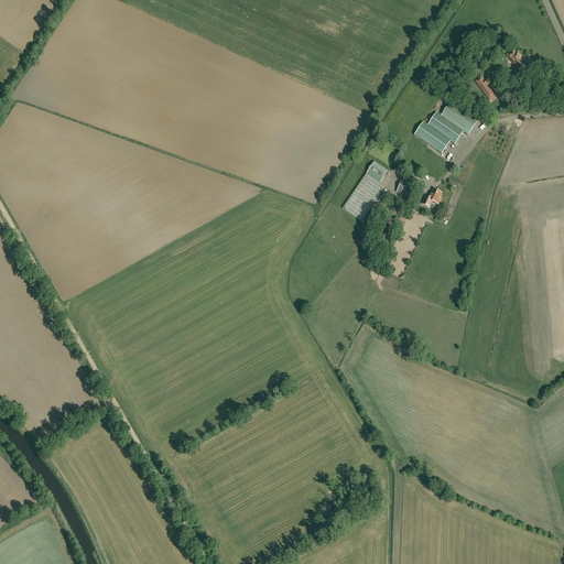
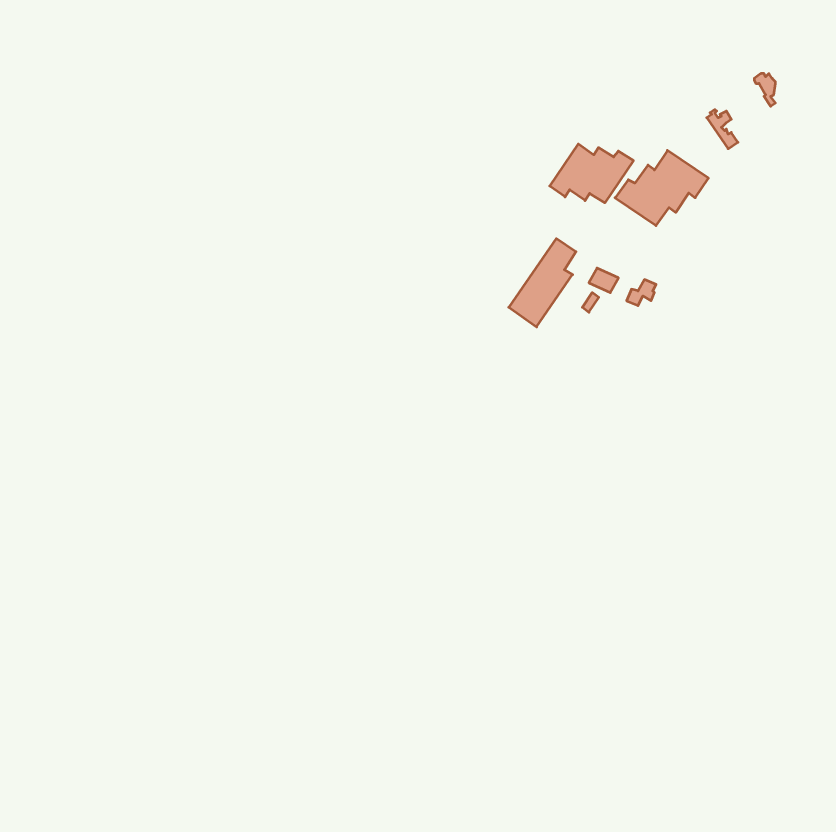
building: none -> [550,144,633,203]

